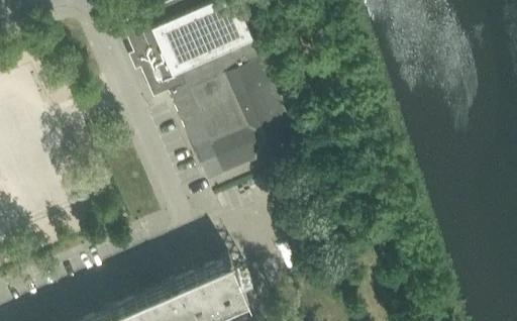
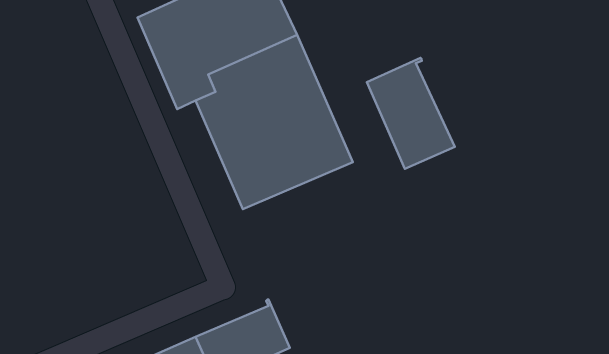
building: none -> [367,58,455,169]

